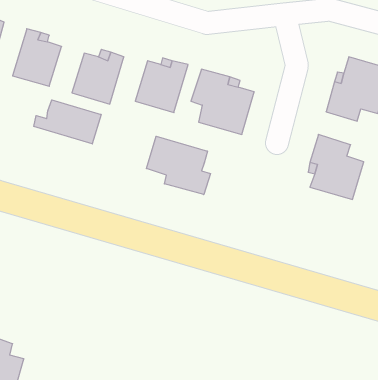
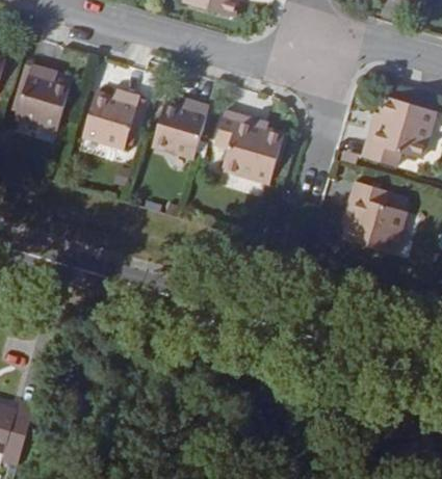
building: [34,100,101,144] -> none
building: [146,136,211,195] -> none

